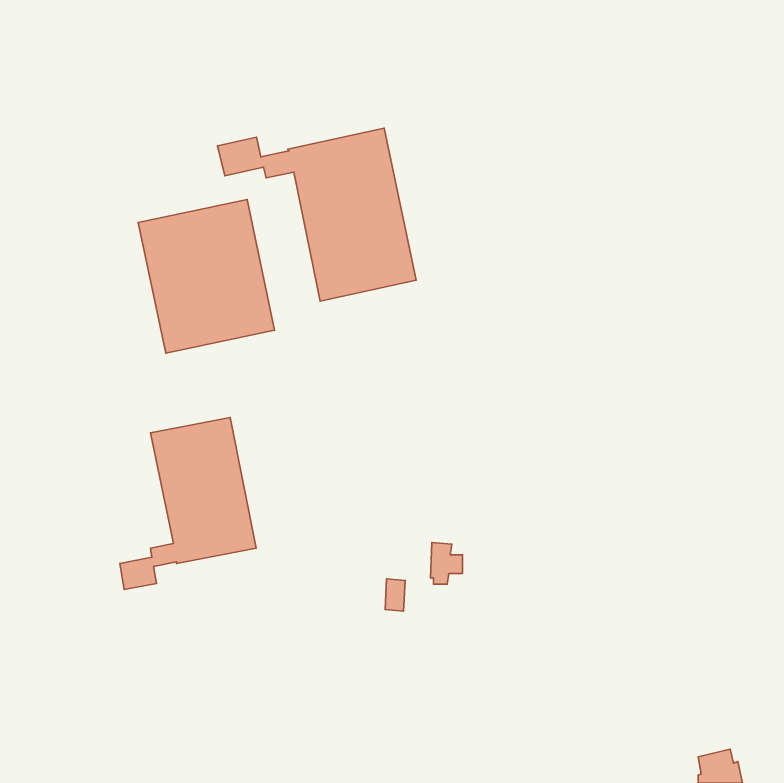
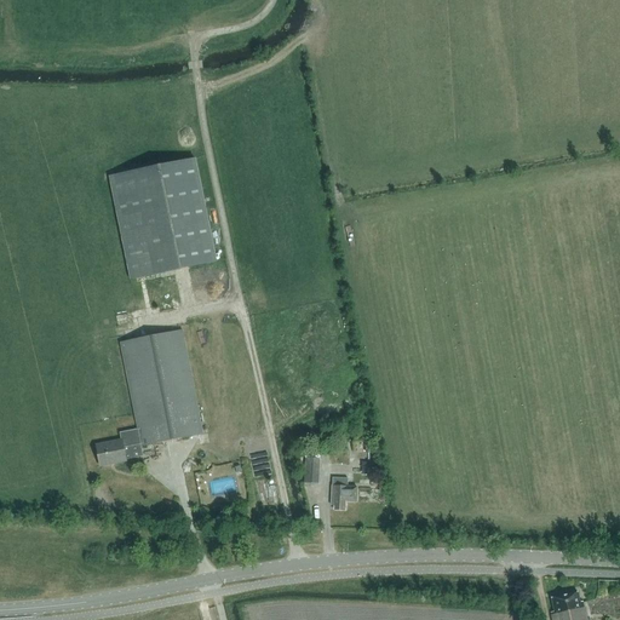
building: [218,128,416,301] -> none
building: [430,543,463,584] -> [331,476,356,509]

